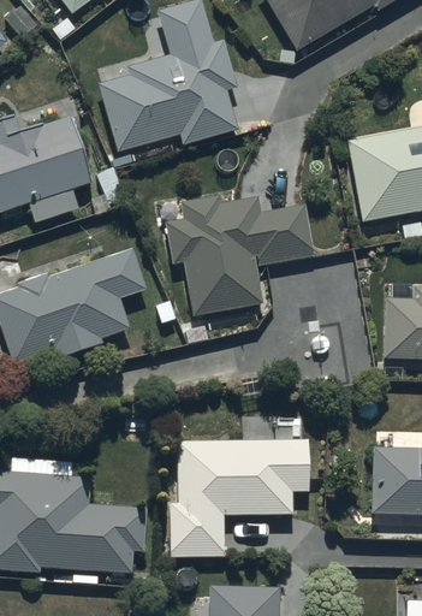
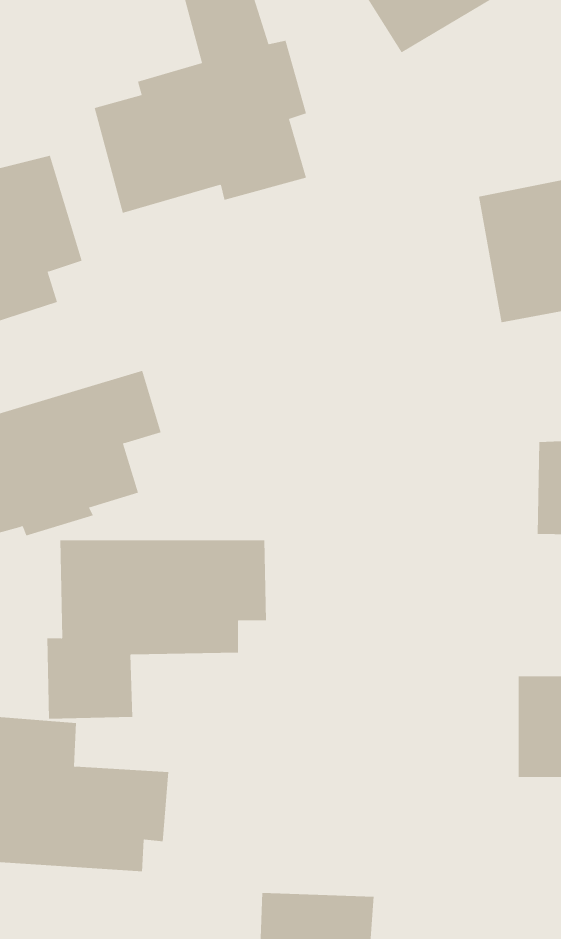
building: [167,196,313,314] -> none
building: [168,440,309,555] -> [46,540,267,719]

